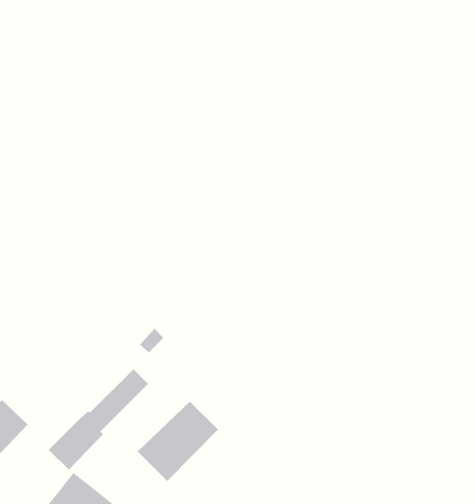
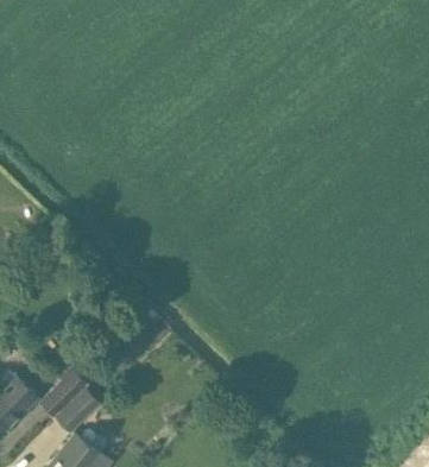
building: none -> [39,368,88,416]
building: [137,401,219,482] -> none

